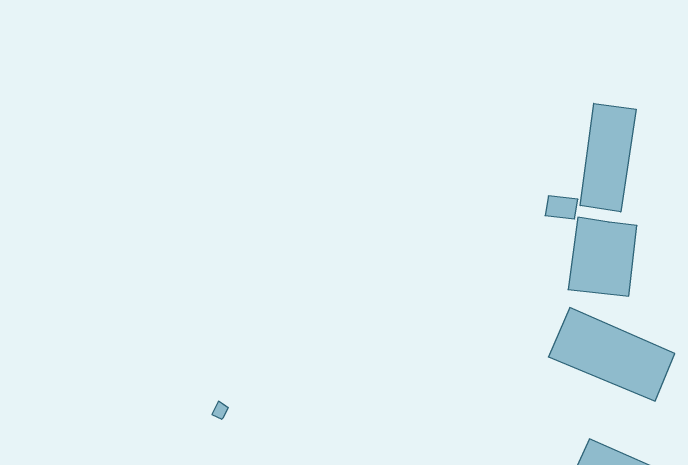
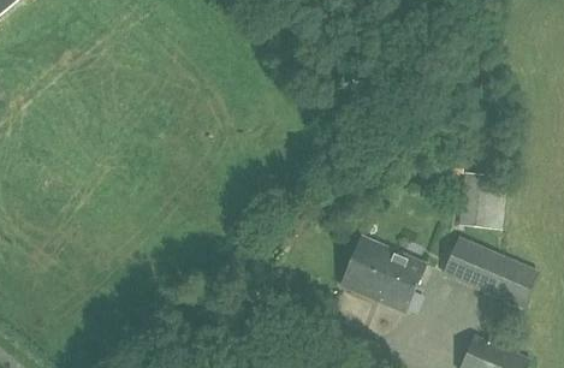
building: [580,103,636,212] -> none
building: none -> [337,233,423,311]

